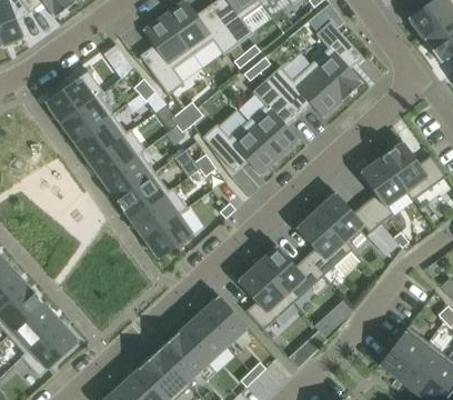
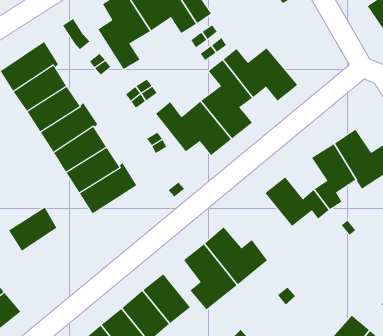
building: [310,21,363,100] -> none
building: [296,210,353,277] -> none
building: [144,214,193,260] -> [8,207,57,251]

